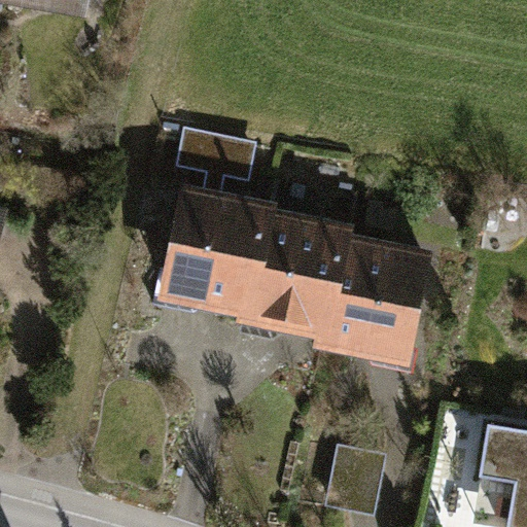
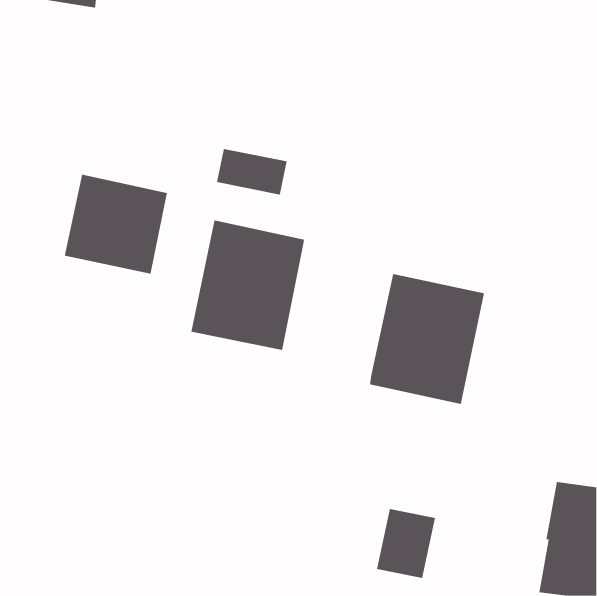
building: none -> [64,174,167,274]
building: [247,216,347,330] -> none

